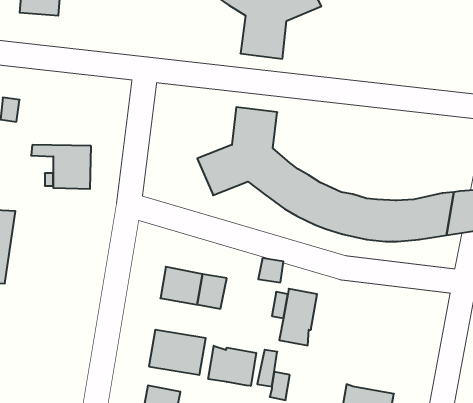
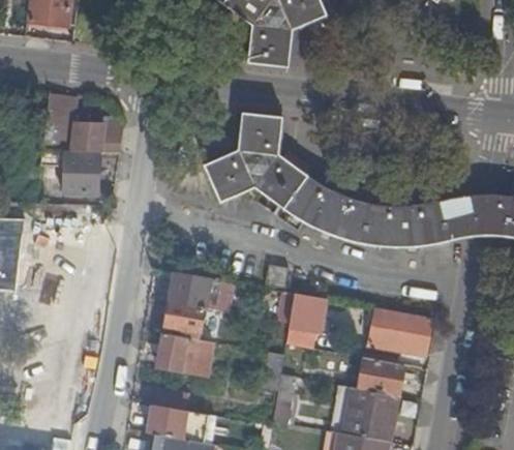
building: none -> [42,94,124,153]
building: none -> [165,302,204,331]
building: none -> [369,307,430,355]
building: [208,346,256,386] -> none
building: none -> [358,358,404,396]

